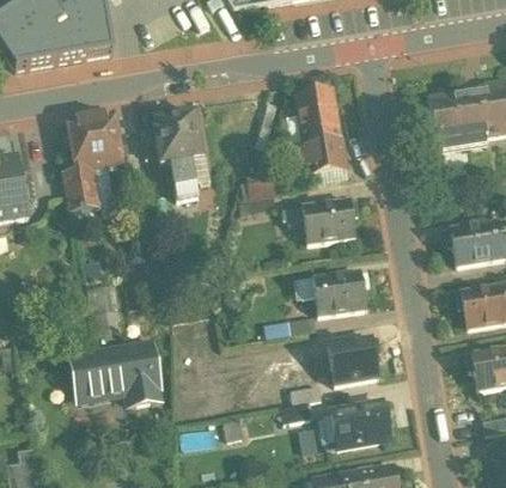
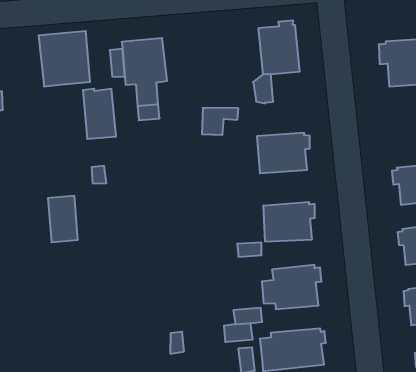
building: [307,134,346,171] -> none
building: [63,166,102,220] -> [83,89,116,139]
building: [71,341,160,403] -> none

